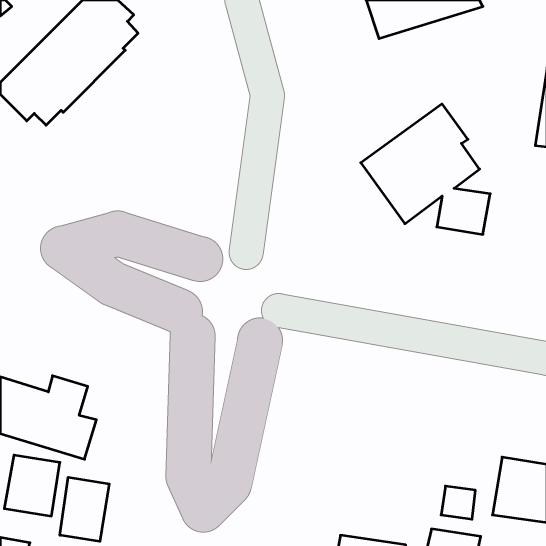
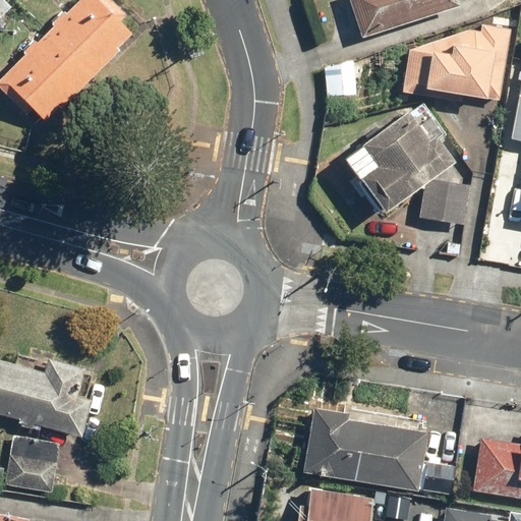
building: none -> [401,24,510,101]
building: none -> [300,406,425,493]
building: [60,477,109,541] -> none

